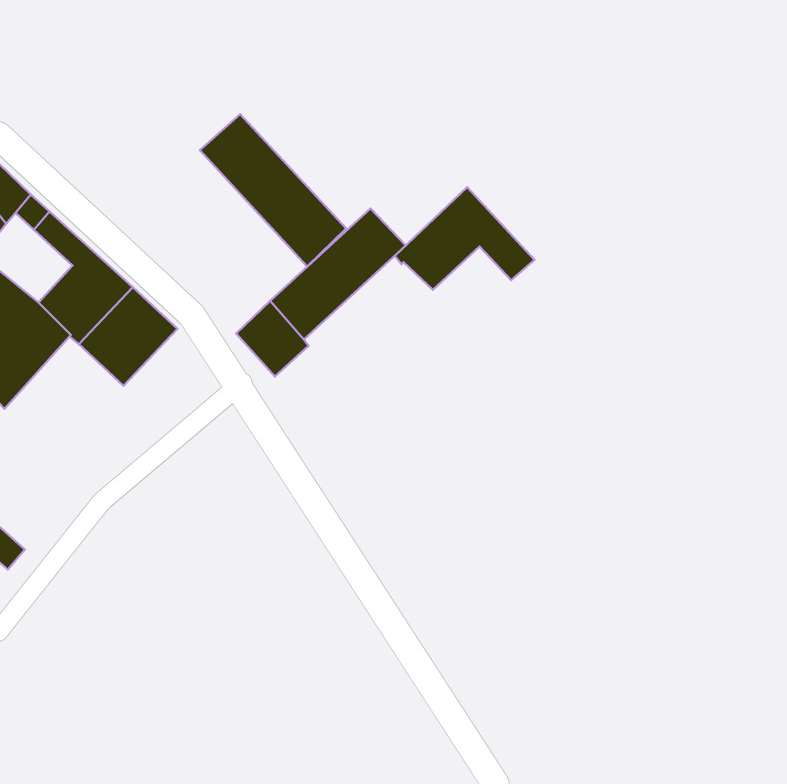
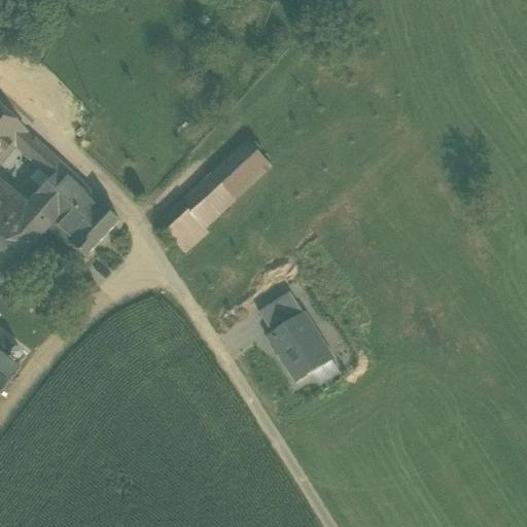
building: [200,114,346,267] -> none
building: [395,187,534,290] -> none
building: none -> [259,287,336,383]

